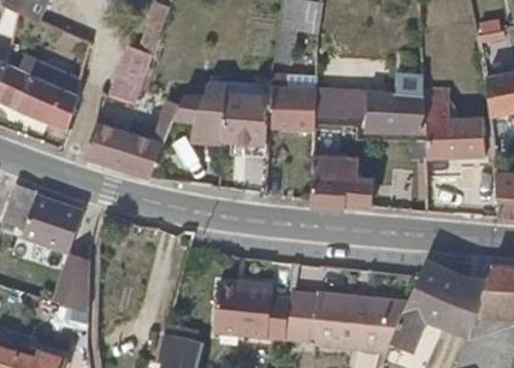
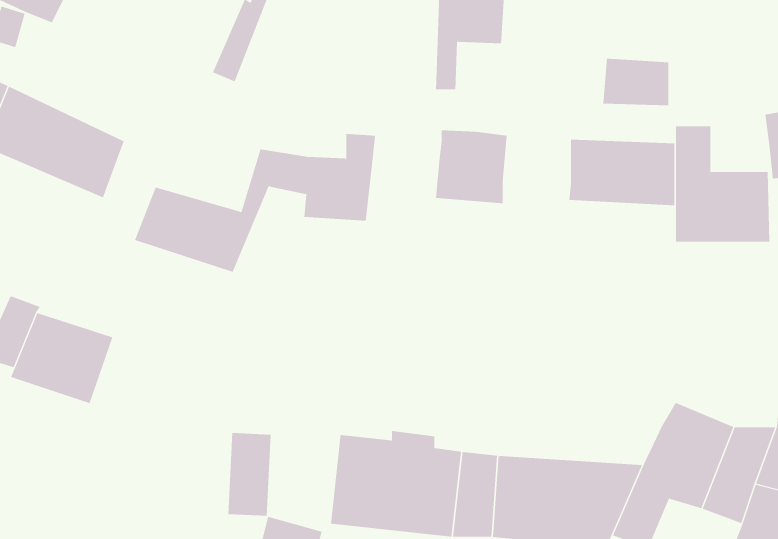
building: [107,47,149,105] -> none
building: [319,90,361,120] -> [603,58,669,106]
building: [232,101,278,147] -> none
building: [314,153,378,212] -> none
building: [64,251,91,304] -> [228,433,271,516]

